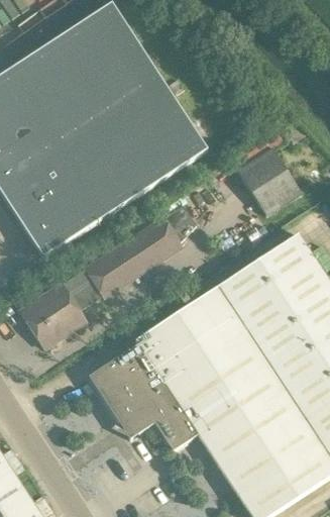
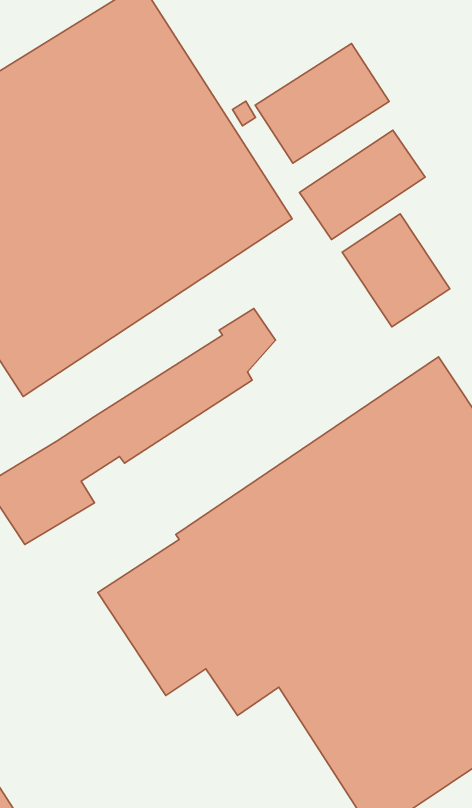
building: none -> [255,44,389,163]
building: none -> [299,130,425,240]

